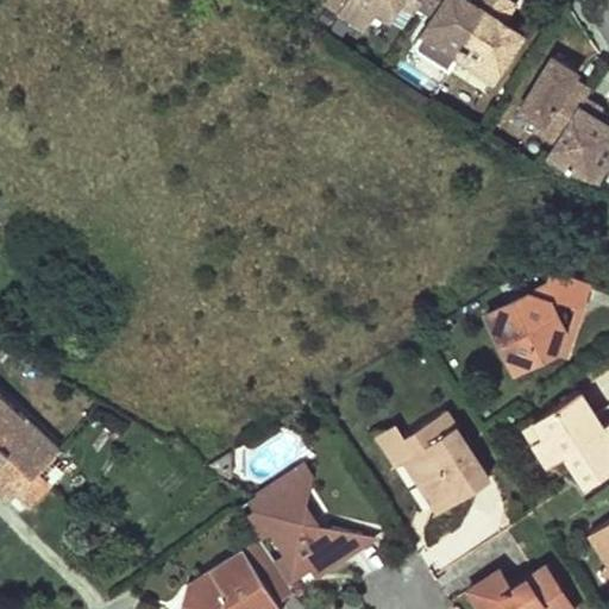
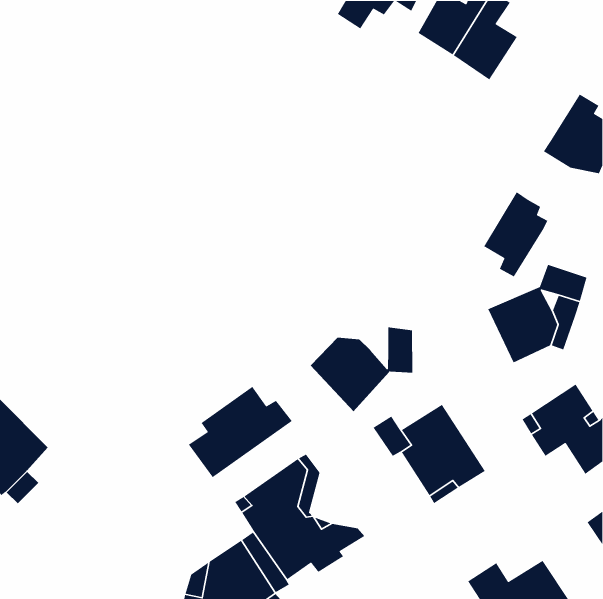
building: [522,61,588,147] -> [483,191,548,277]
building: none -> [310,327,413,412]
building: none -> [188,386,293,478]

